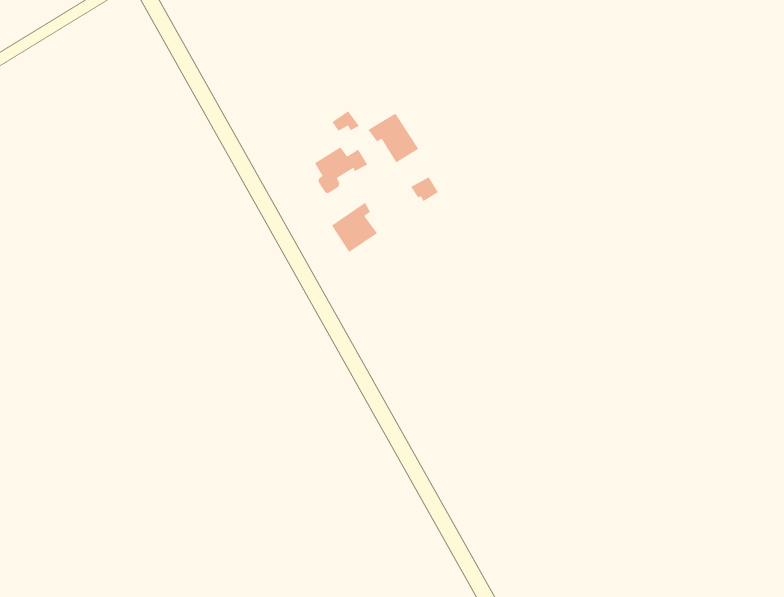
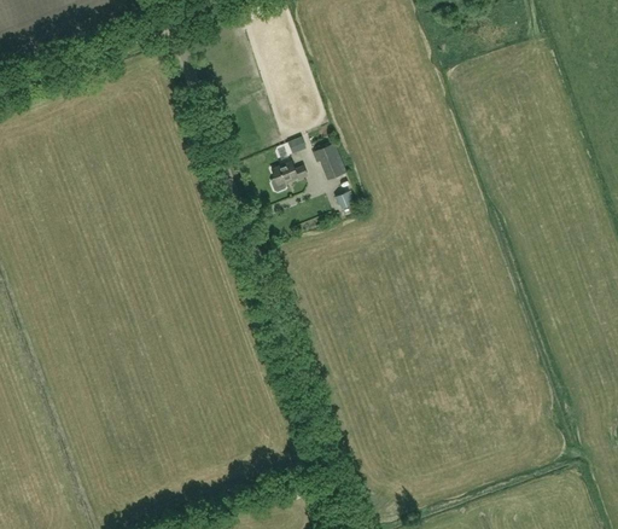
building: [331,202,378,253] -> none

